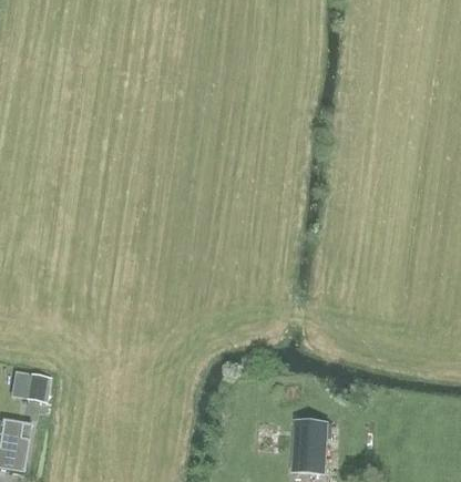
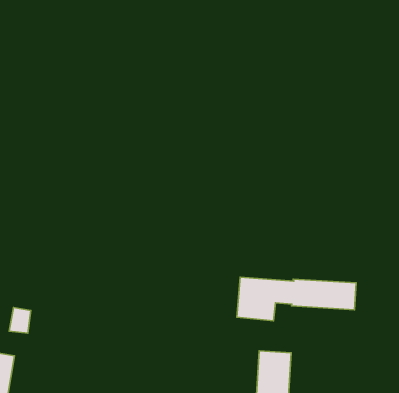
building: none -> [237,277,356,321]

